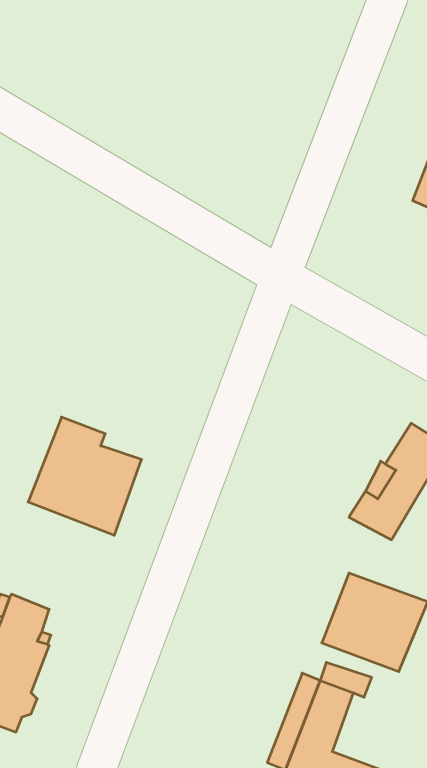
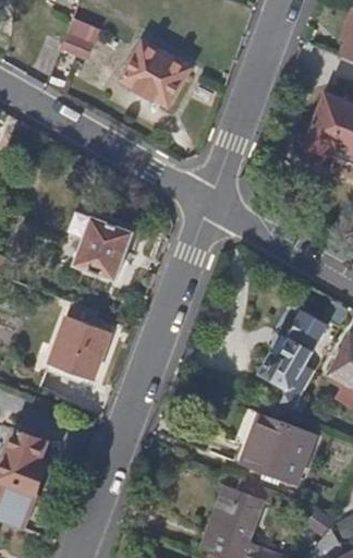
building: none -> [61,16,100,59]
building: none -> [121,43,187,105]
building: none -> [73,216,133,280]

